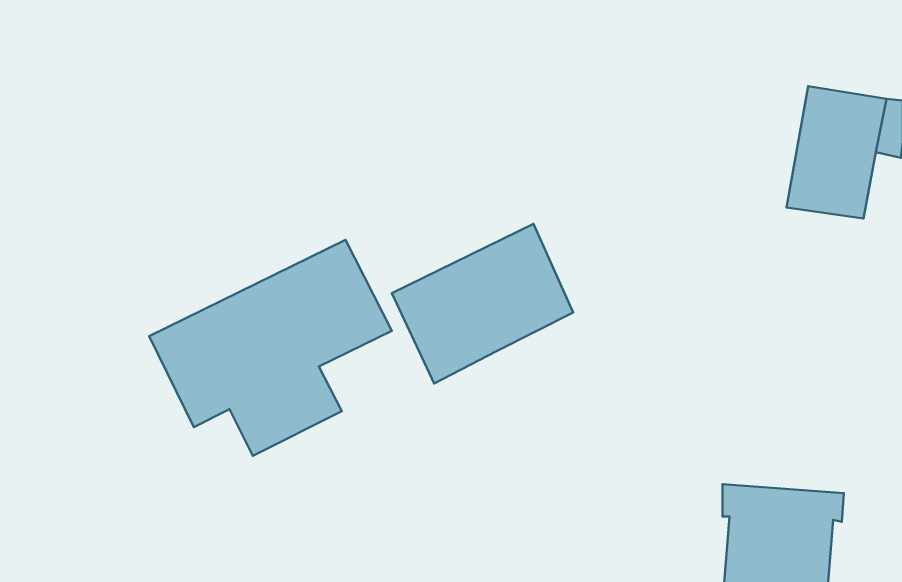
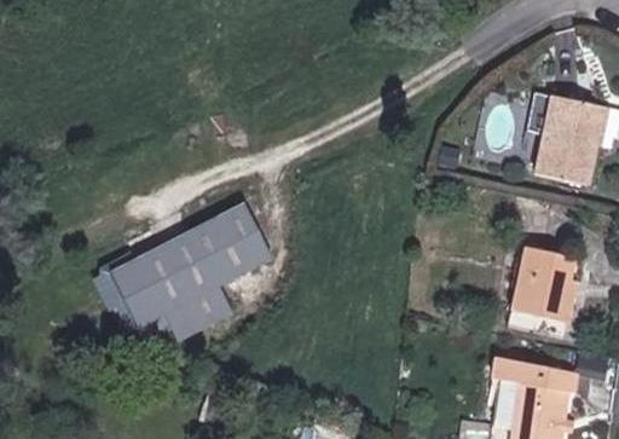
building: [392,224,573,383] -> none
building: none -> [516,248,578,325]

